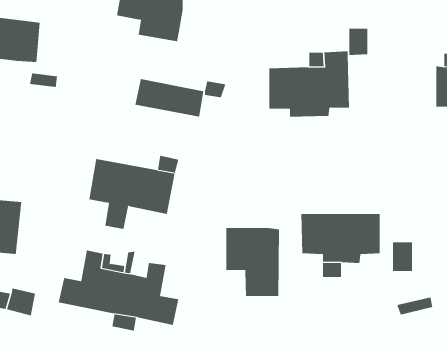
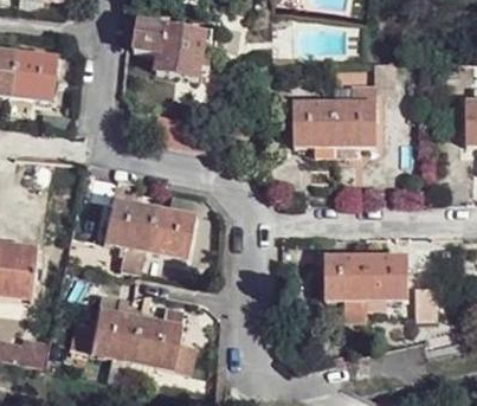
building: [226,227,280,297] -> none

